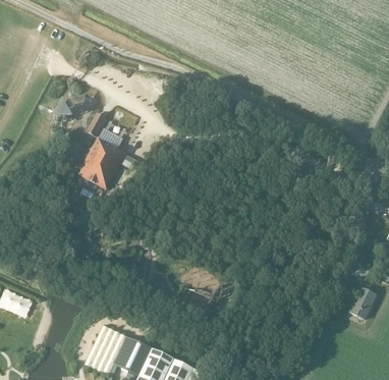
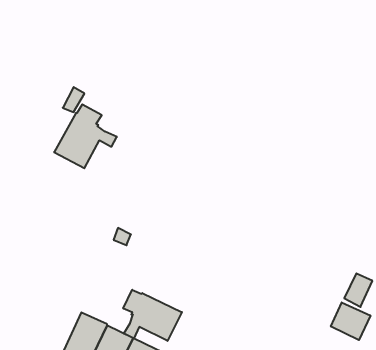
building: none -> [123,290,182,341]
building: none -> [331,302,370,340]

